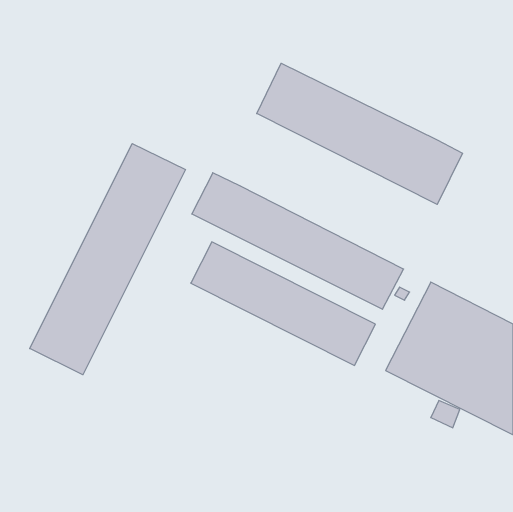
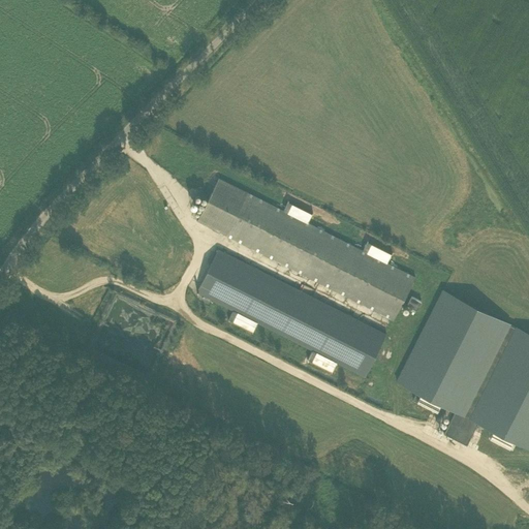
building: [257,63,462,204] -> none
building: [30,144,185,375] -> none

